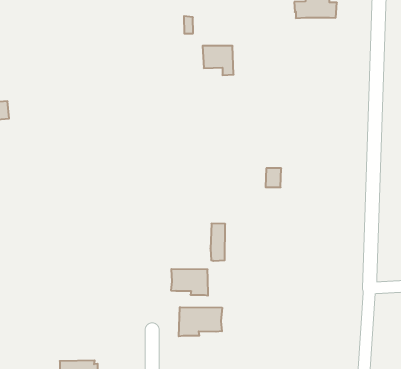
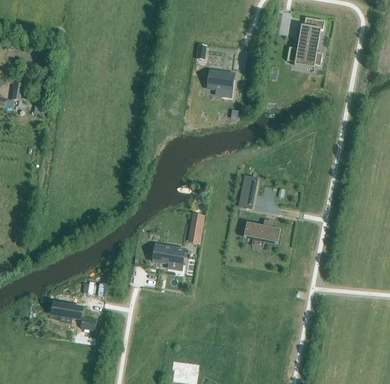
building: none -> [244,220,279,242]
building: [179,307,222,336] -> none

